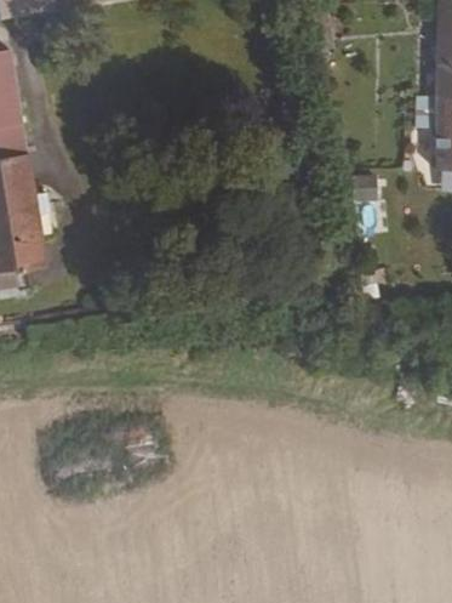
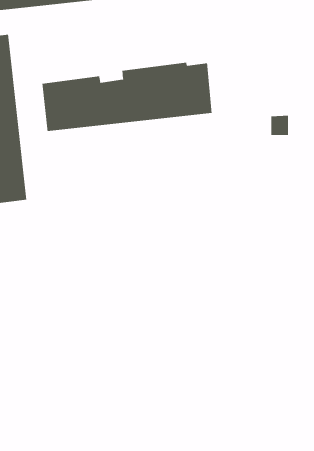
building: none -> [42,62,212,132]

